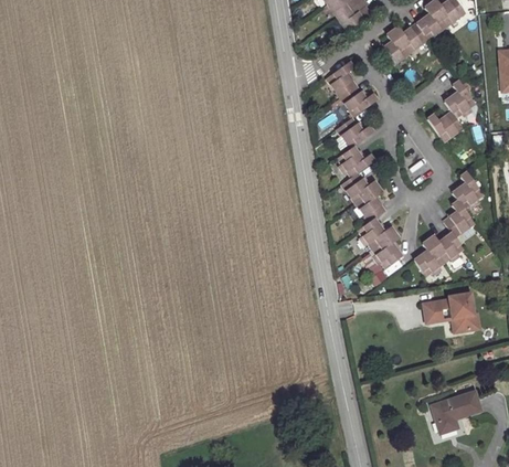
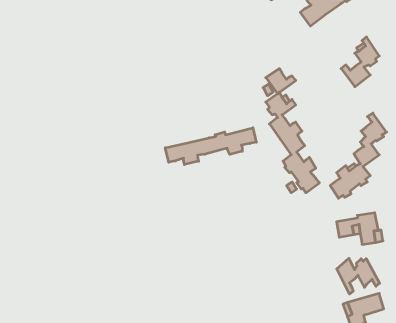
building: [327,60,378,116] -> none
building: none -> [165,128,256,165]
building: none -> [337,258,380,294]

